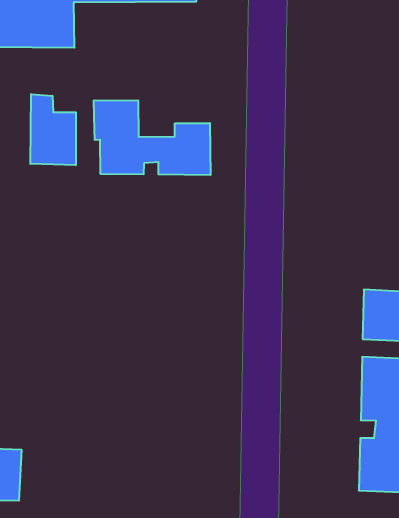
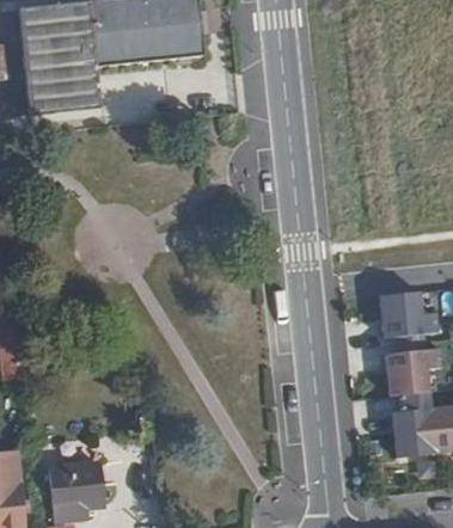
building: [30,94,76,165] -> none
building: [94,100,210,175] -> none

